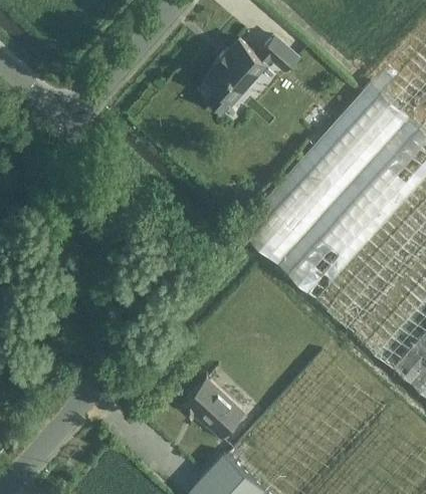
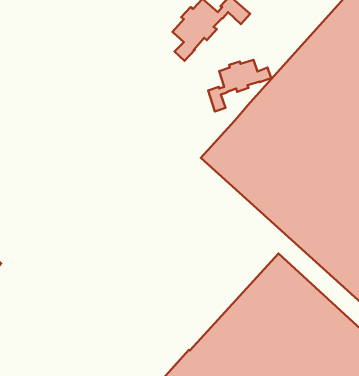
building: none -> [208,60,271,111]
building: [184,382,244,441] -> none

